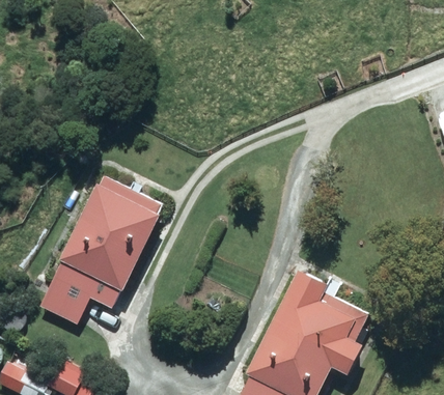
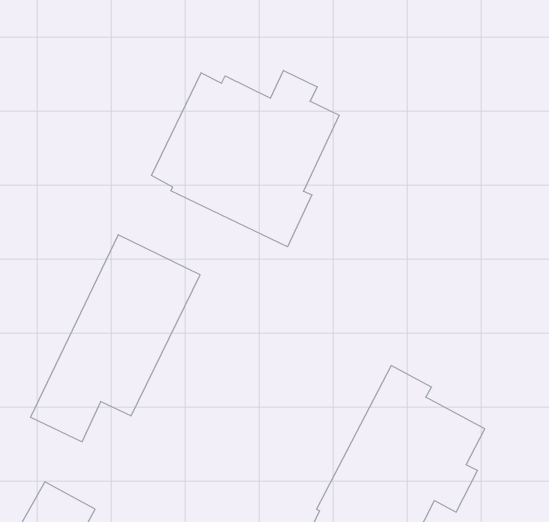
building: none -> [152,70,339,247]

